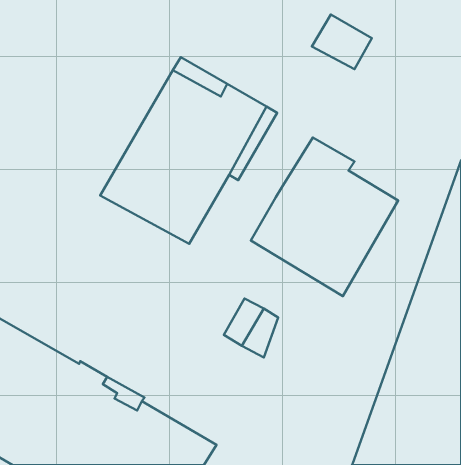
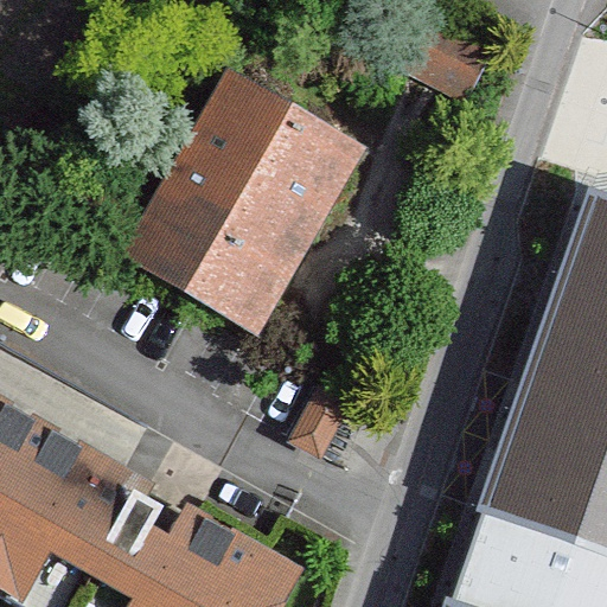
building: [251,137,398,296] -> none

